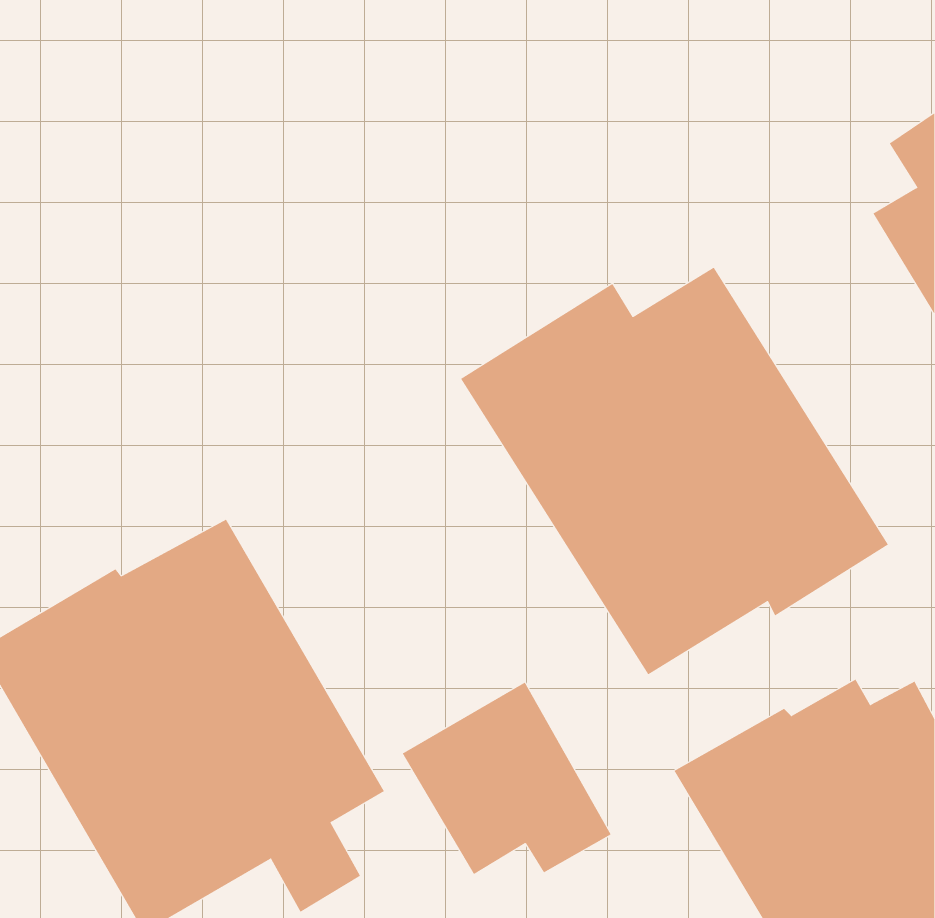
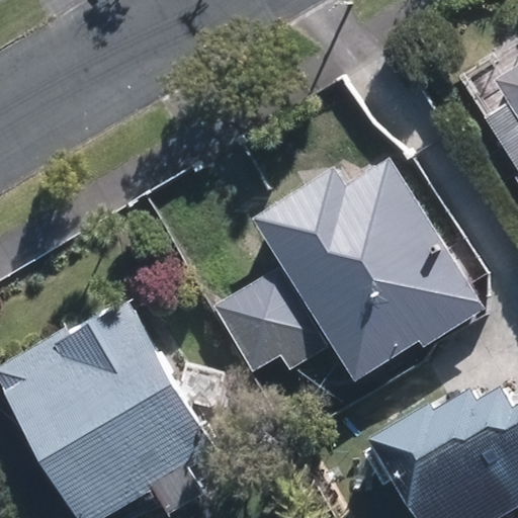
building: [402,682,612,875] -> [213,271,329,377]

